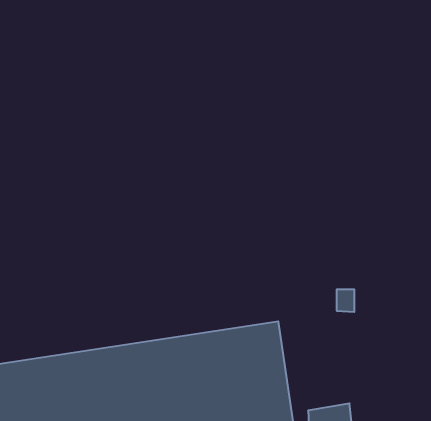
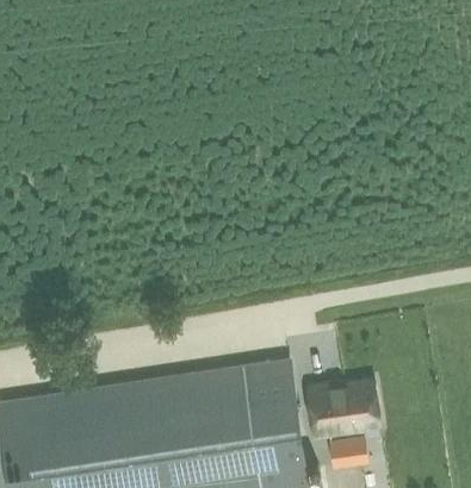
building: none -> [309,381,380,437]

